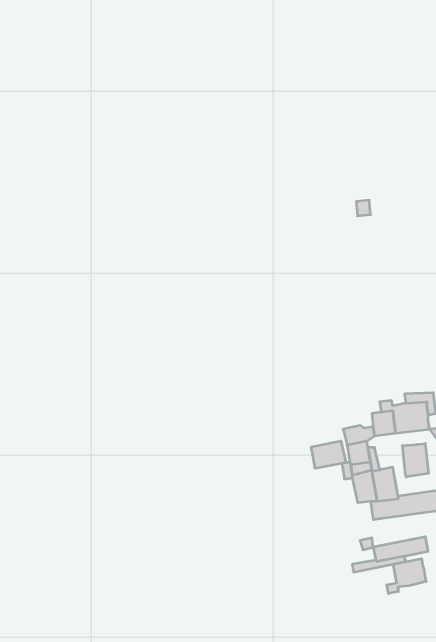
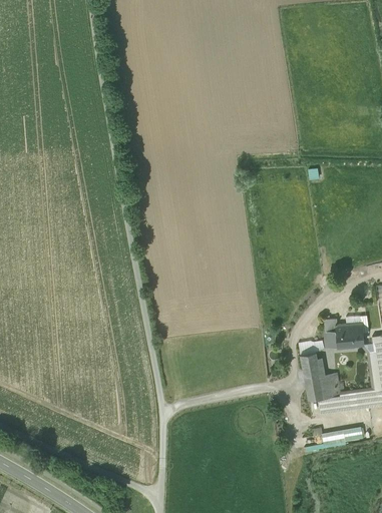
building: [311,441,346,468] -> none
building: [402,443,429,477] -> none
building: [387,559,426,594] -> none

